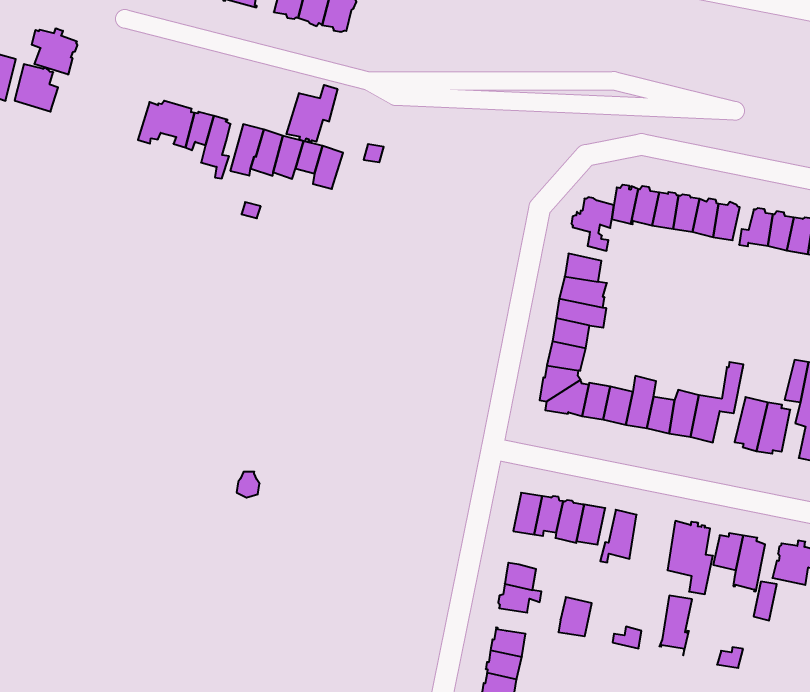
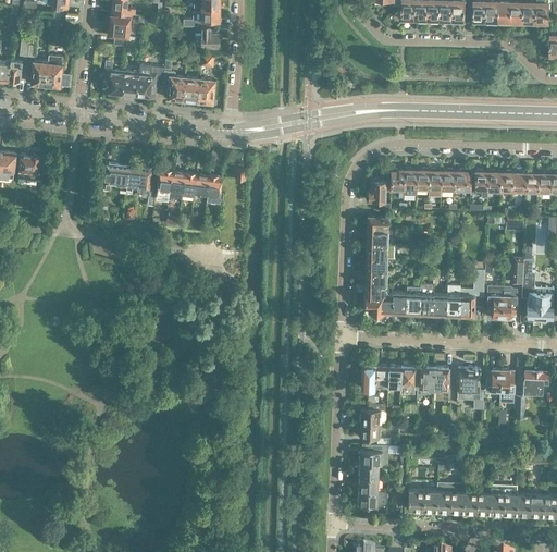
building: [32,28,77,75] -> none
building: [286,85,337,142] -> none
building: [659,596,692,655] -> [433,367,449,402]

